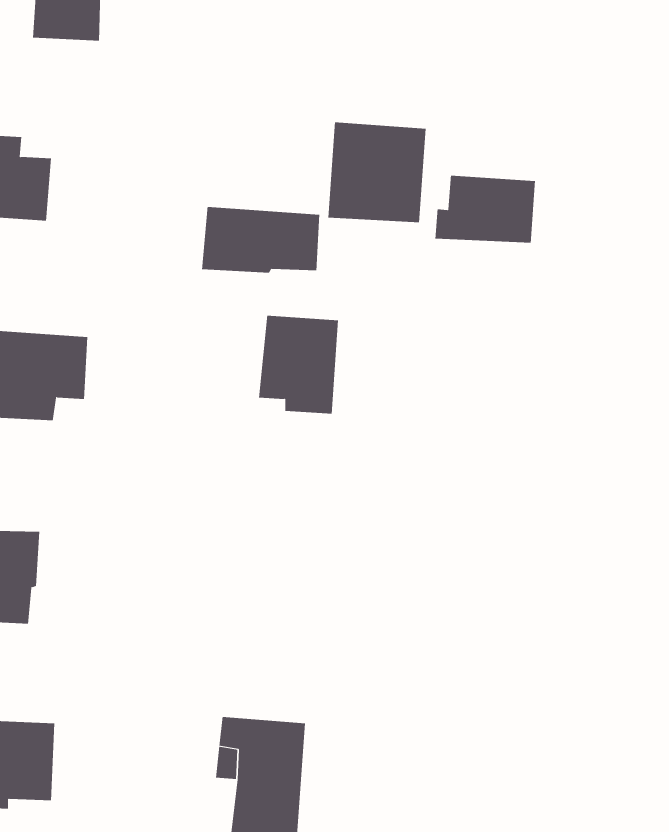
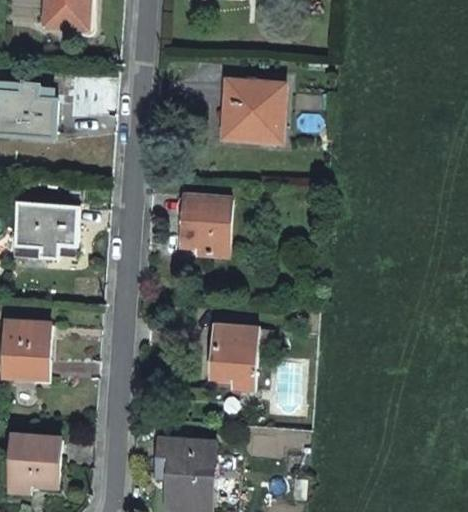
building: [435,175,535,243] -> none
building: [201,206,320,274] -> none
building: none -> [215,323,260,386]

